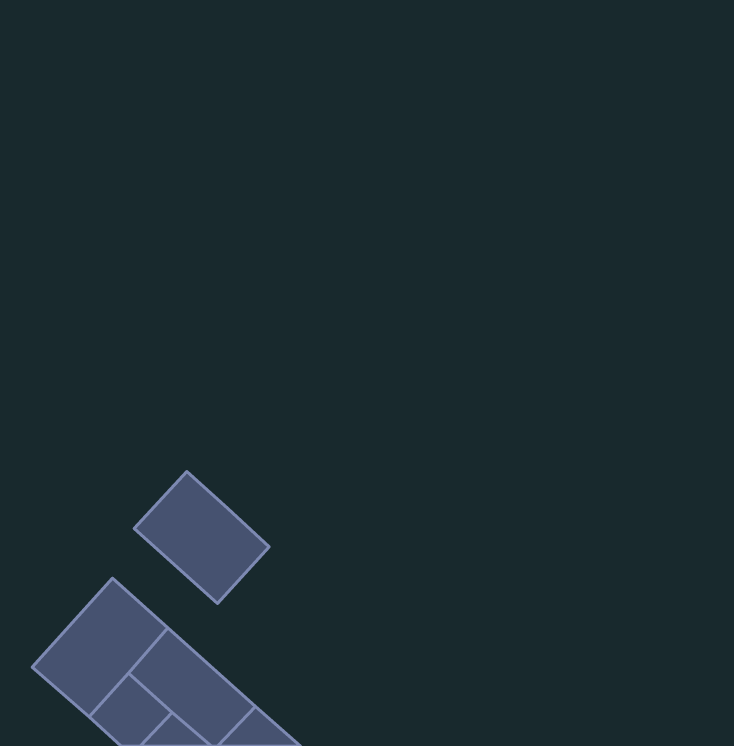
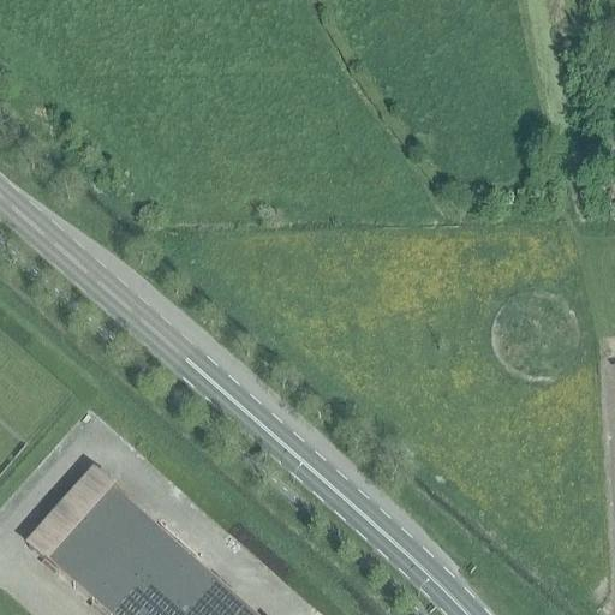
building: [134,471,269,604] -> none

